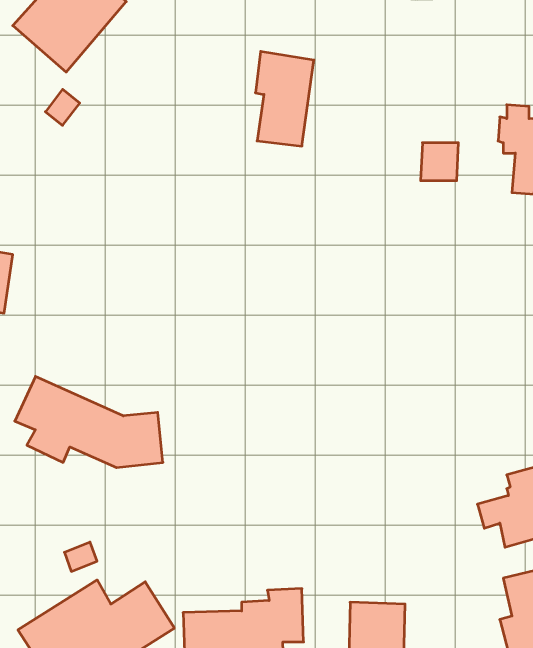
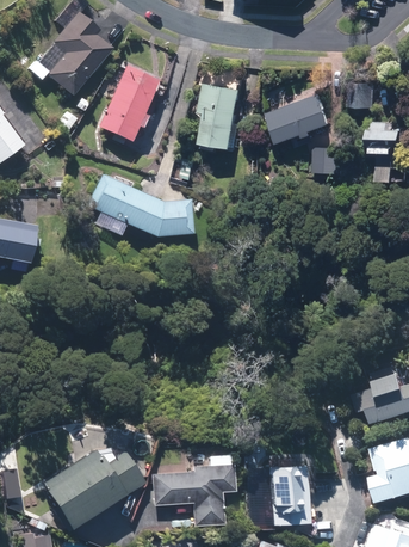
building: none -> [95,60,161,143]
building: none -> [349,82,376,111]
building: none -> [267,93,333,143]
building: [15,376,163,468] -> [85,176,187,239]

